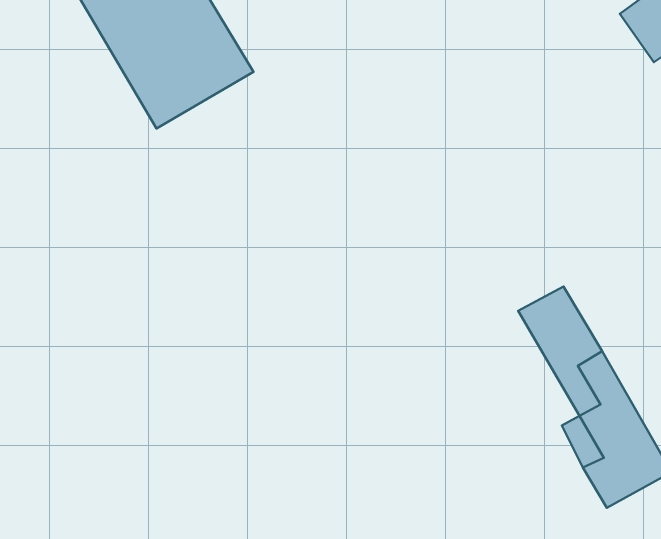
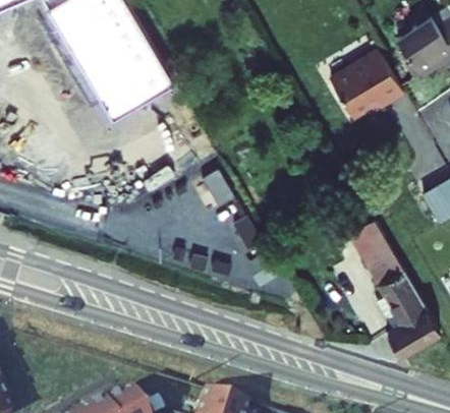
building: none -> [331,57,406,124]

